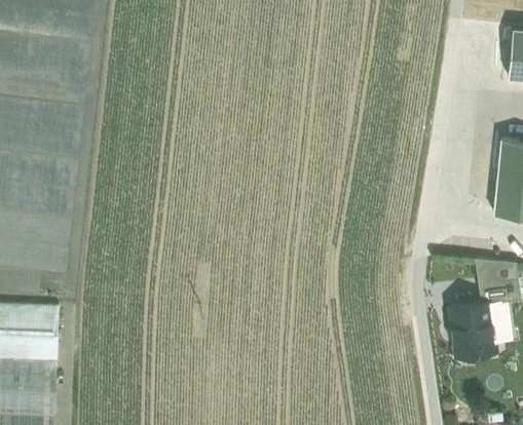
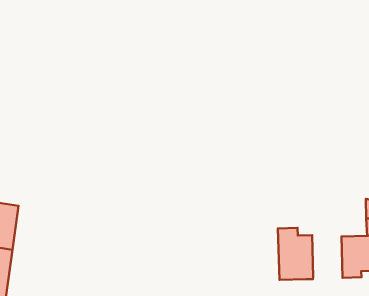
building: none -> [278,228,313,280]

